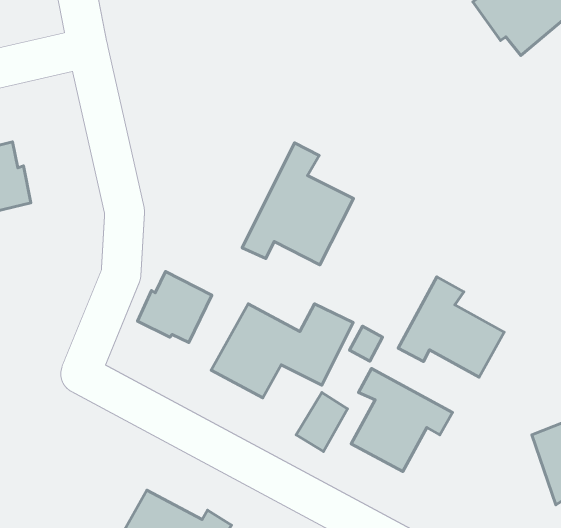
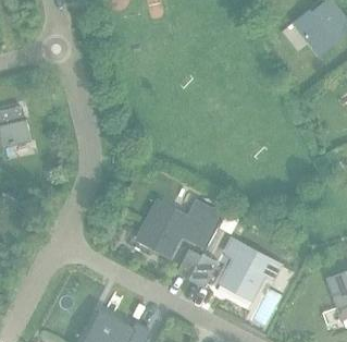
building: [242,143,353,265] -> none
building: [137,271,212,343] -> none
building: [398,277,504,377] -> none

